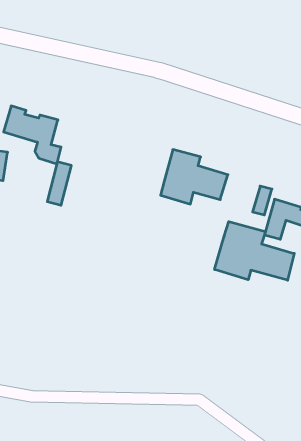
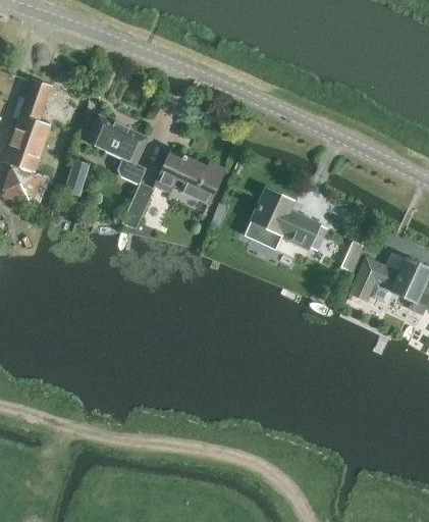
building: none -> [156,150,225,203]
building: [215,222,294,280] -> none

